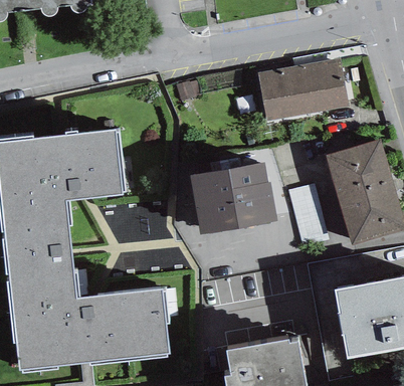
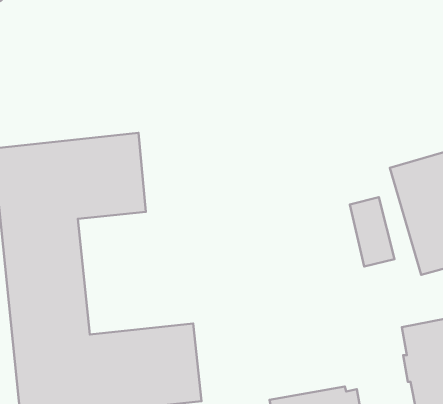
building: [256,58,349,123] -> none
building: [188,161,274,233] -> none

